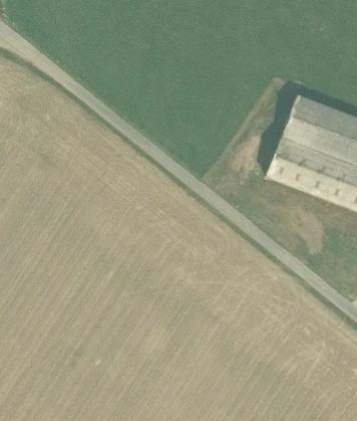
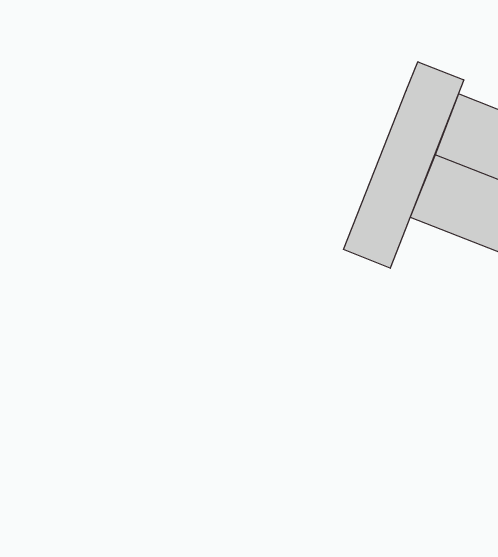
building: none -> [344,62,464,268]

